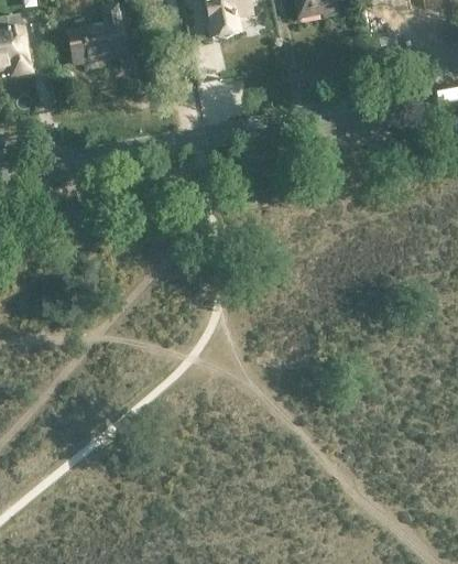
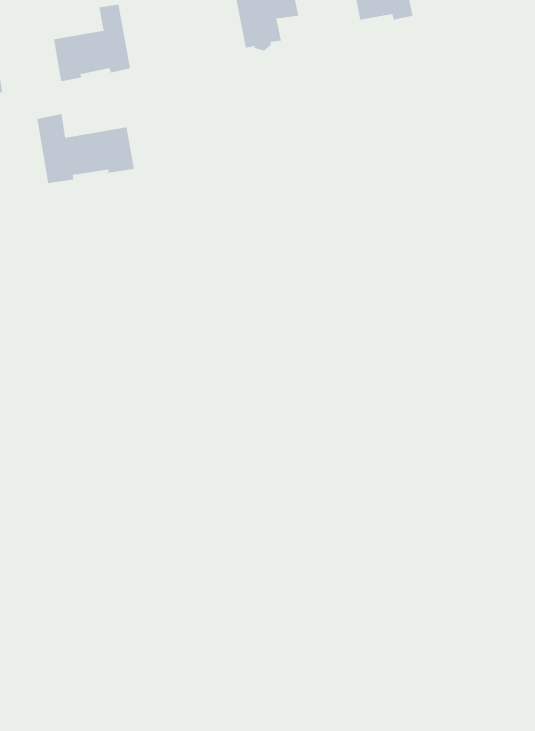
building: none -> [37,113,135,184]

